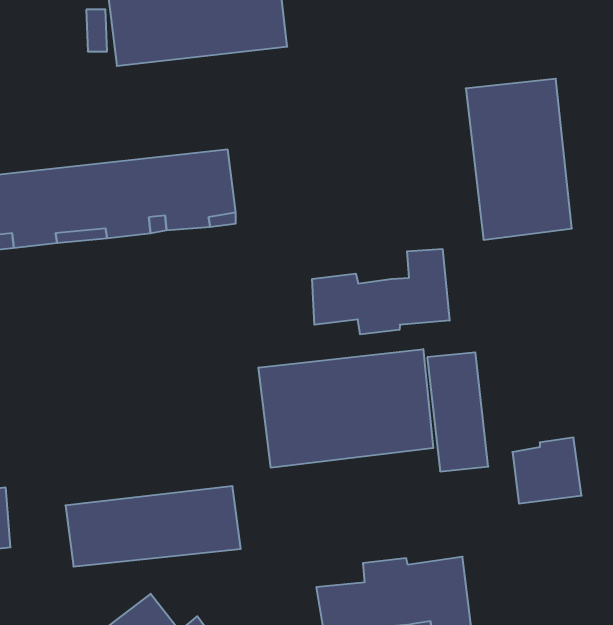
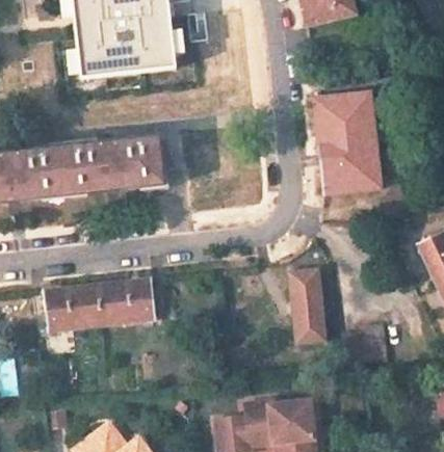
building: [312,249,450,334] -> none
building: [259,349,433,468] -> none
building: [65,486,241,567] -> [43,277,156,329]

